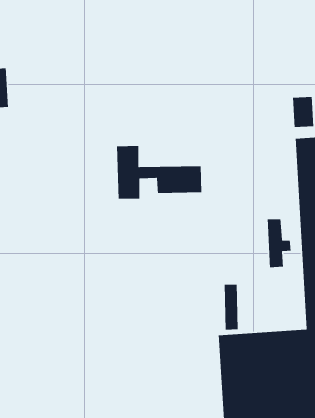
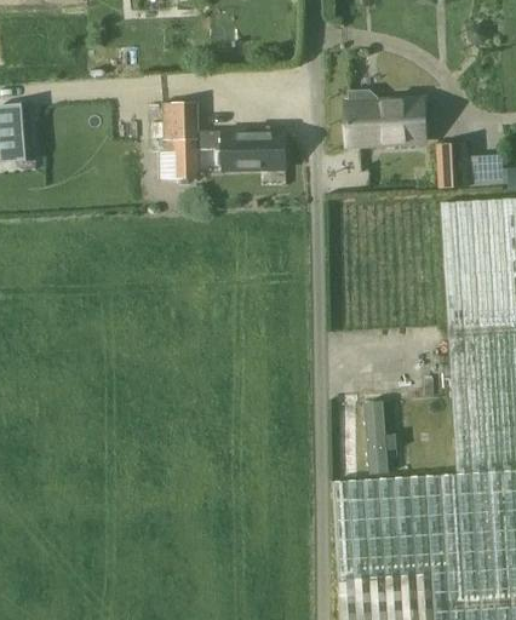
building: none -> [346,102,426,145]
building: [116,145,202,200] -> [165,103,287,180]
building: [267,219,291,268] -> [367,406,402,476]

